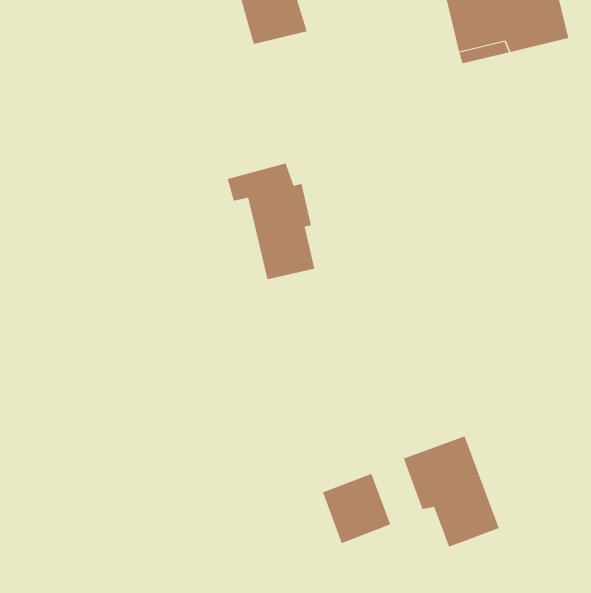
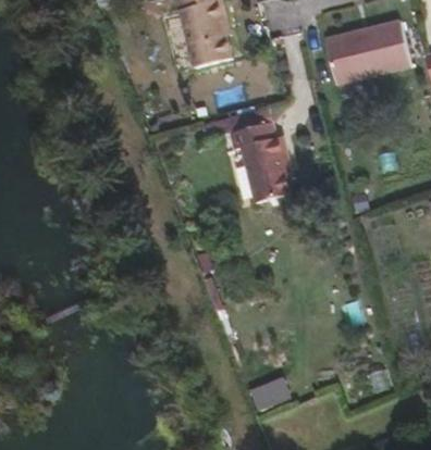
building: [227,163,315,280] -> [230,122,290,201]
building: [403,436,500,548] -> none

